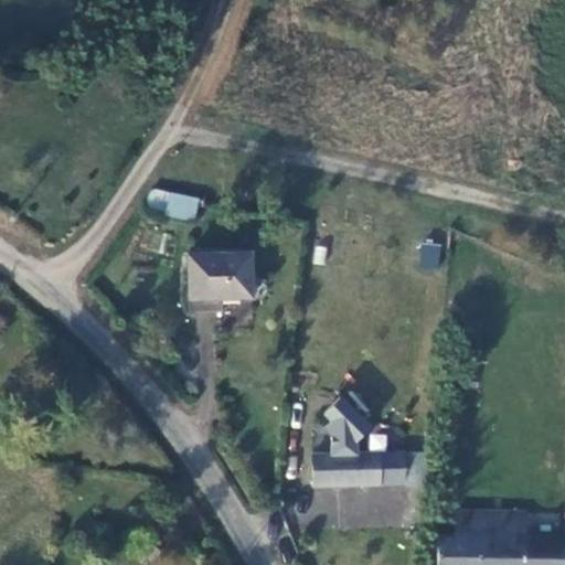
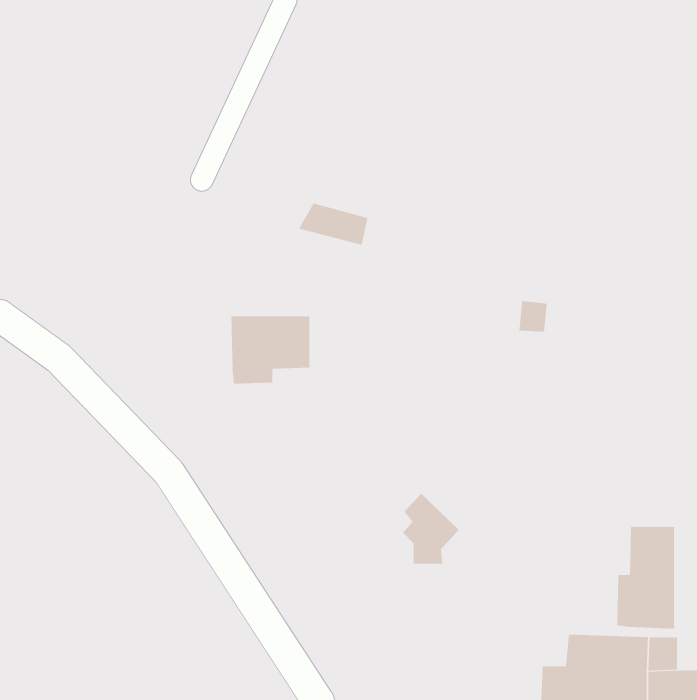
building: [141,188,198,222] -> [298,203,368,245]
building: none -> [617,526,674,629]
building: [316,452,407,486] -> none

